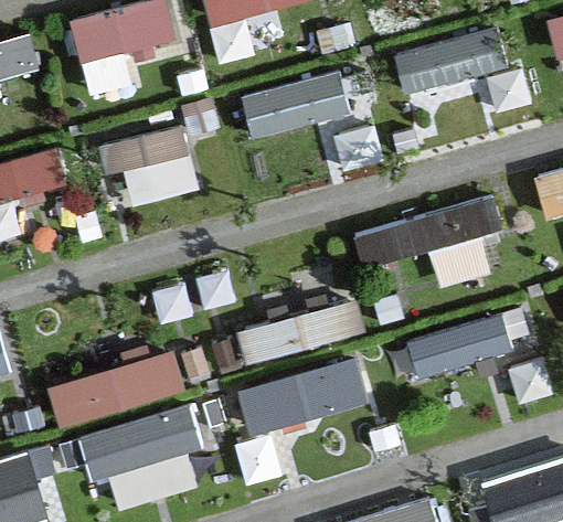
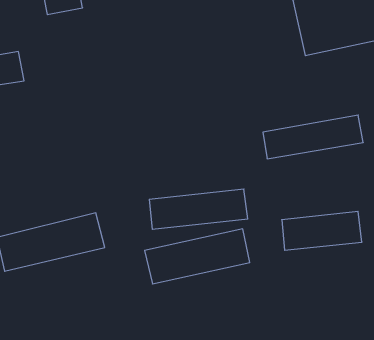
building: [238,67,353,147] -> none
building: [115,129,196,207] -> none
building: [81,412,199,505] -> none

